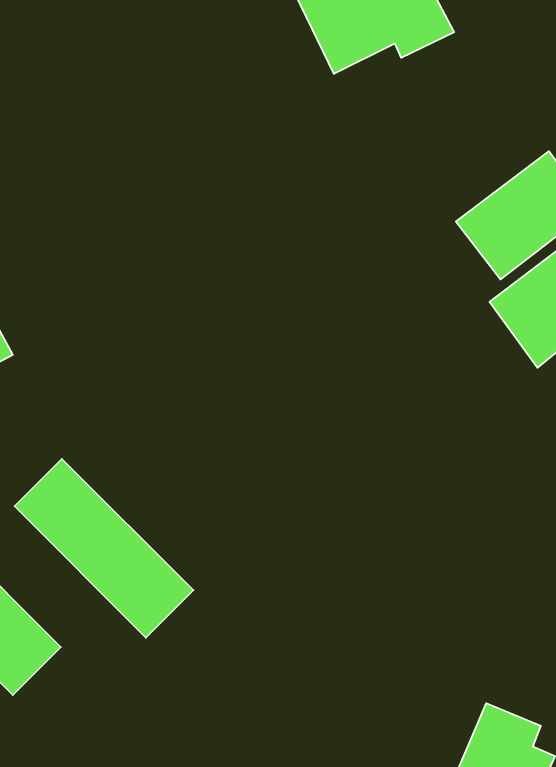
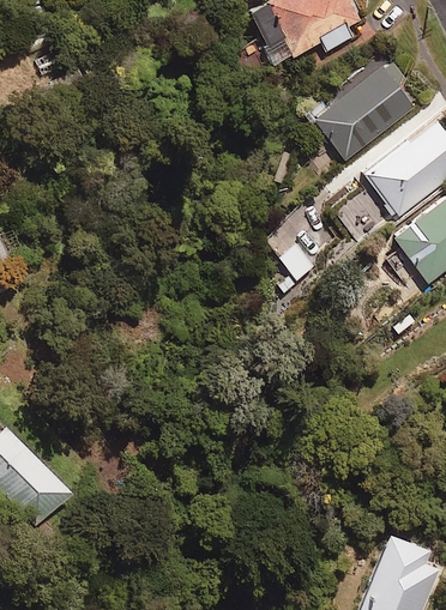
building: none -> [312,59,414,161]
building: [14,459,193,638] -> none

